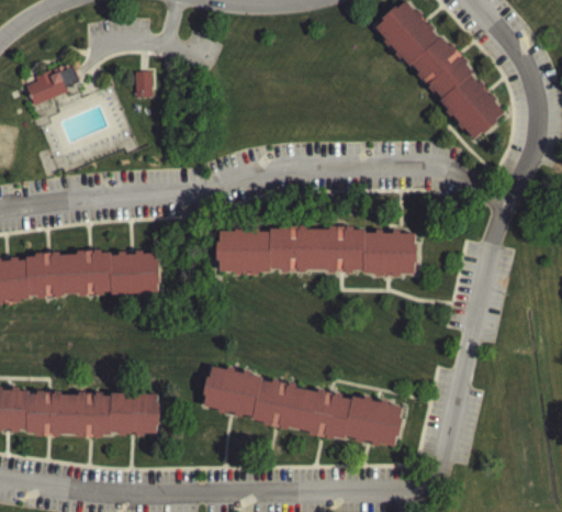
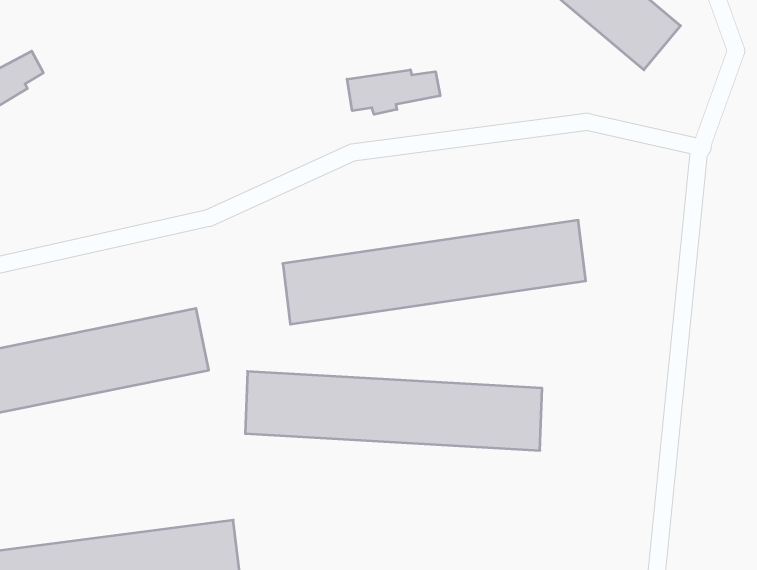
building: [132,76,149,102] -> none
building: none -> [347,70,440,114]
building: [203,365,403,446] -> [245,371,542,450]

